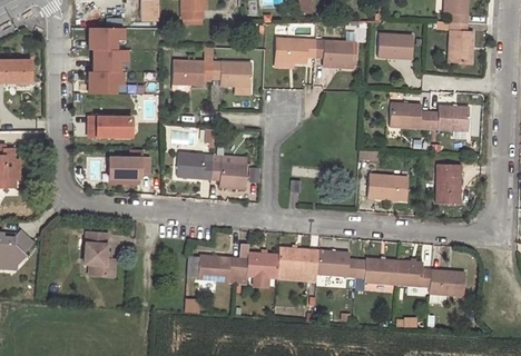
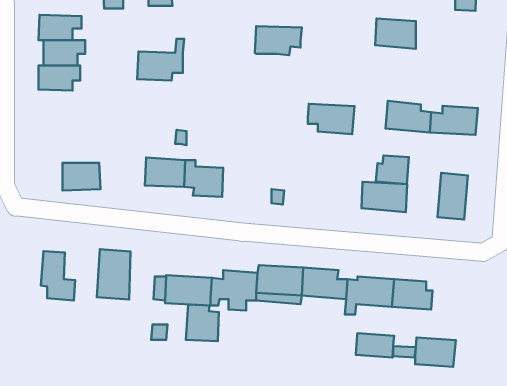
building: [449,22,474,61] -> none
building: [315,38,356,65] -> [308,104,355,134]
building: [212,60,252,87] -> none
building: [88,115,130,139] -> none
building: none -> [376,155,409,184]
building: none -> [97,249,131,299]
building: [430,269,465,295] -> [415,338,456,367]
building: none -> [186,304,219,341]
building: none -> [356,333,394,357]

